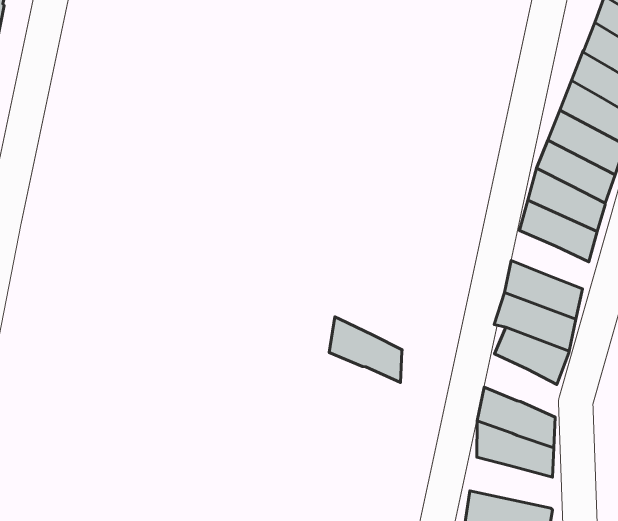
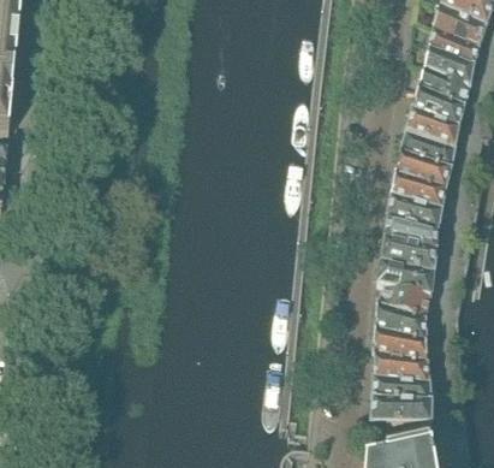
building: none -> [386,206,440,242]
building: [329,317,402,383] -> [376,292,428,333]
building: none -> [374,367,431,397]

